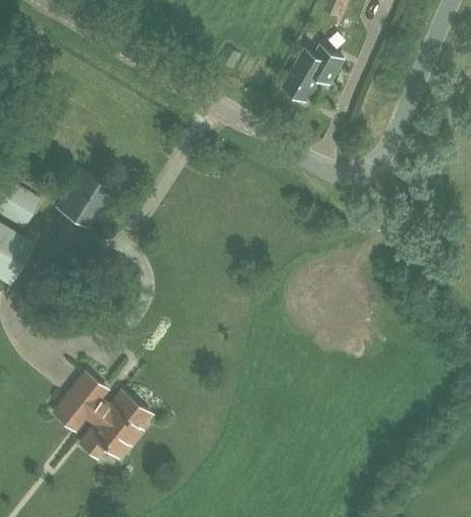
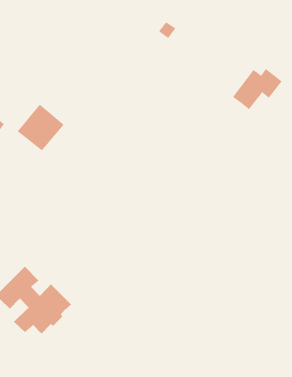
building: [282,46,343,101] -> [232,68,283,110]

